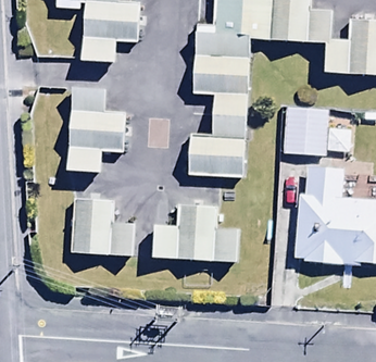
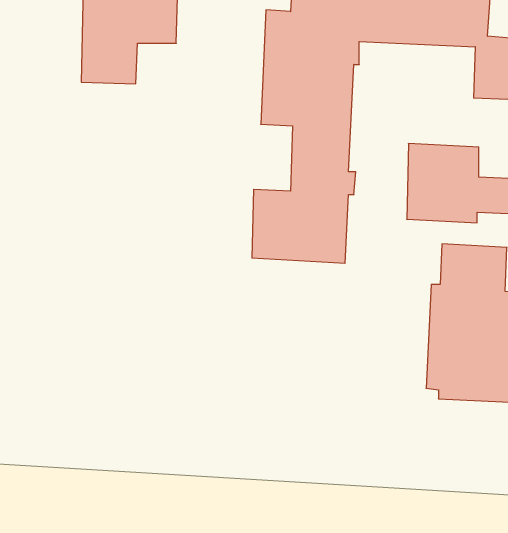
building: [66,85,126,175] -> none
building: [72,196,135,258] -> none
building: [151,199,240,264] -> none

